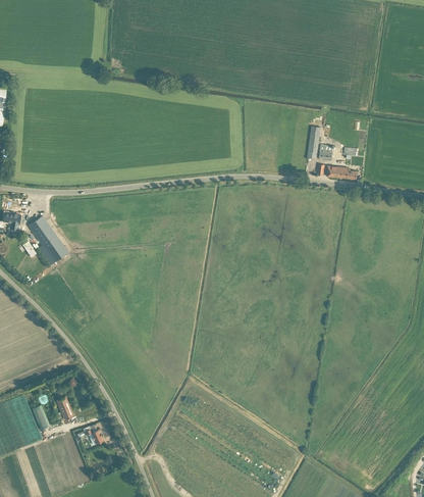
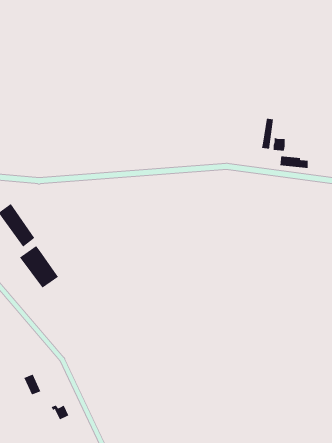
building: none -> [19,245,59,288]

